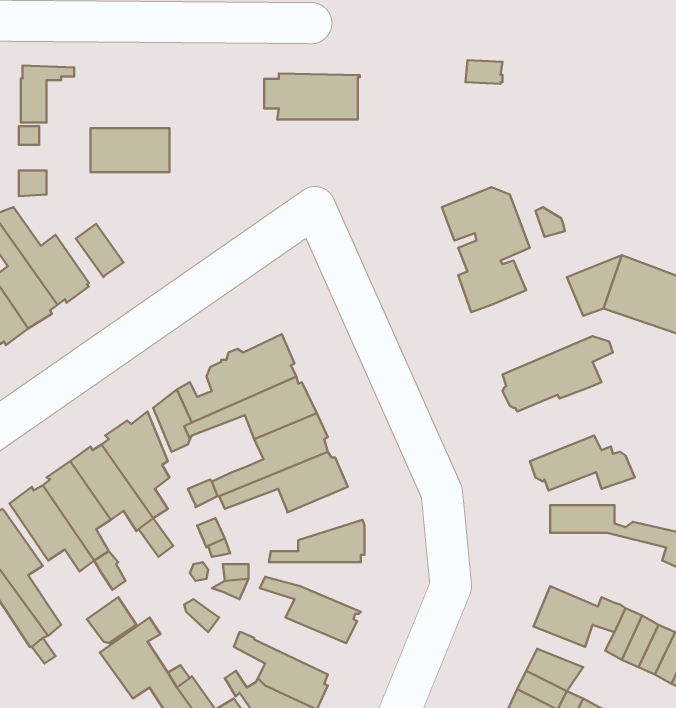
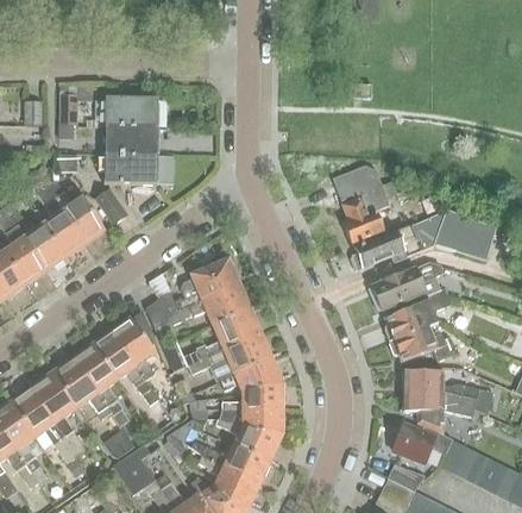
building: [264,73,360,119] -> [96,98,158,127]
building: none -> [105,156,157,184]
building: none -> [353,224,424,269]
building: none -> [384,288,452,343]
building: none -> [220,359,282,394]
building: none -> [403,389,478,434]
building: none -> [219,408,283,440]
building: none -> [190,442,271,481]

